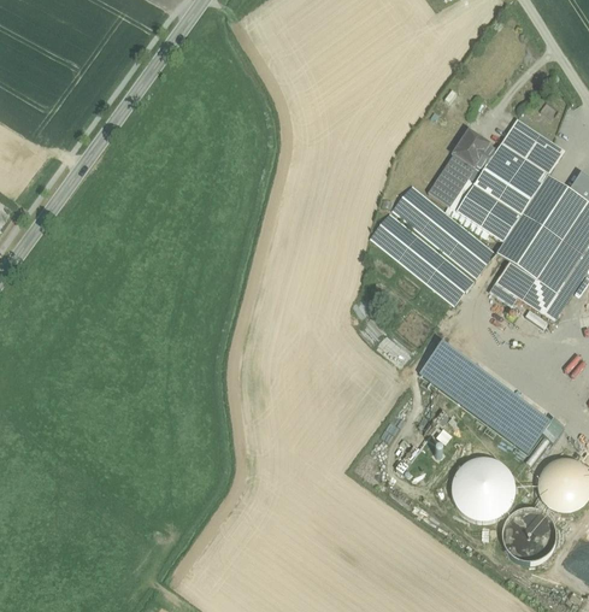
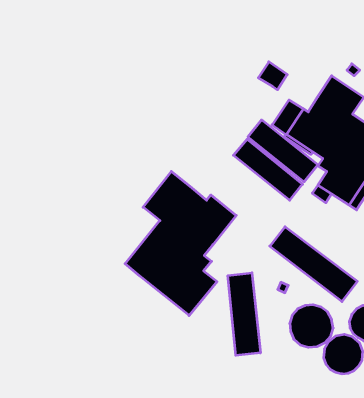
building: [452,129,495,171] -> [258,62,287,90]
building: none -> [125,171,236,316]
building: none -> [228,273,260,355]

